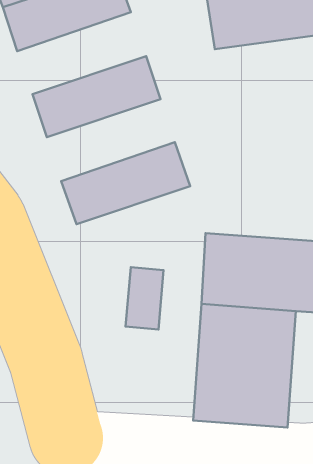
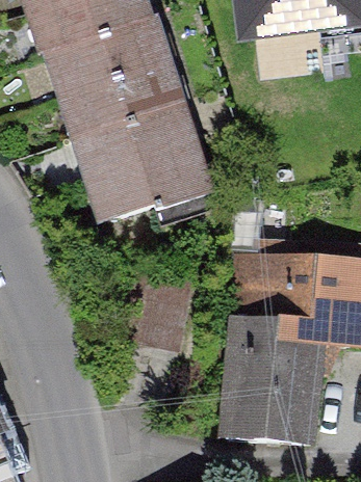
building: none -> [43,19,174,102]
building: none -> [73,107,203,190]

